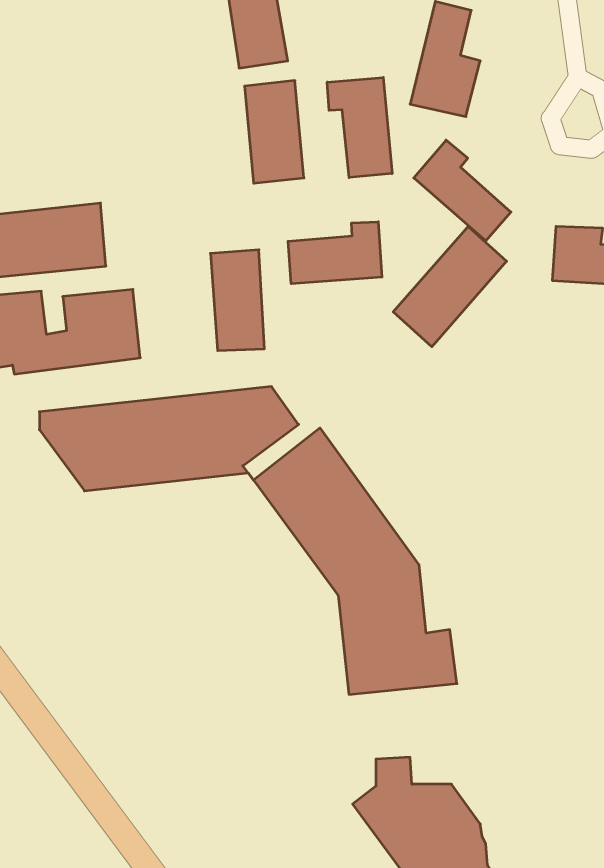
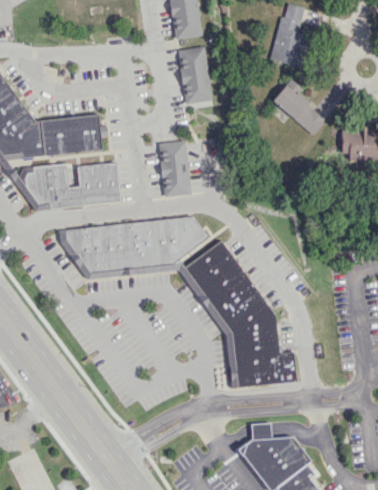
building: [327,77,392,178] -> none
building: [288,222,382,284] -> none
building: [393,226,507,347] -> none

